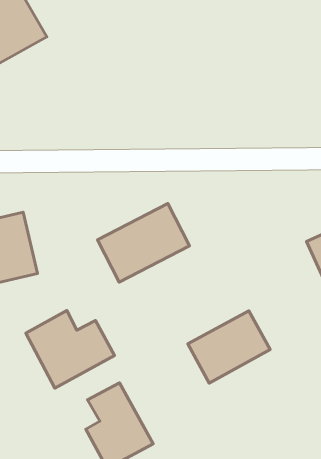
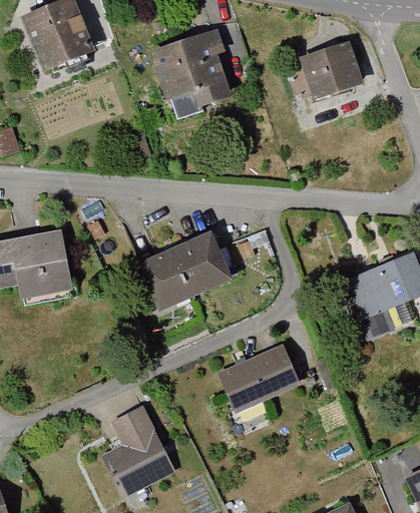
building: none -> [303,42,366,98]
building: none -> [151,36,230,117]
building: [26,311,114,388] -> none

